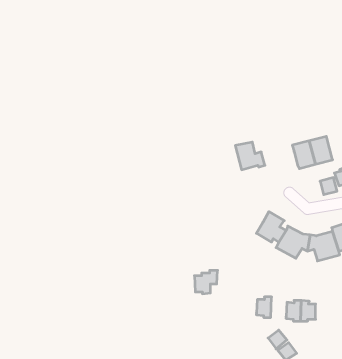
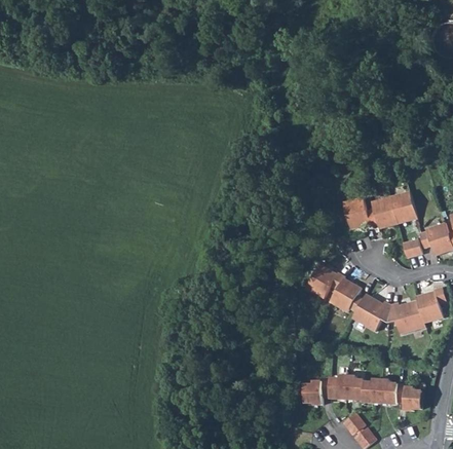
building: [235,142,265,170] -> [343,197,377,229]
building: none -> [306,264,345,298]
building: [194,270,218,294] -> [304,378,331,405]
building: none -> [346,375,365,400]
building: none -> [398,383,422,411]

